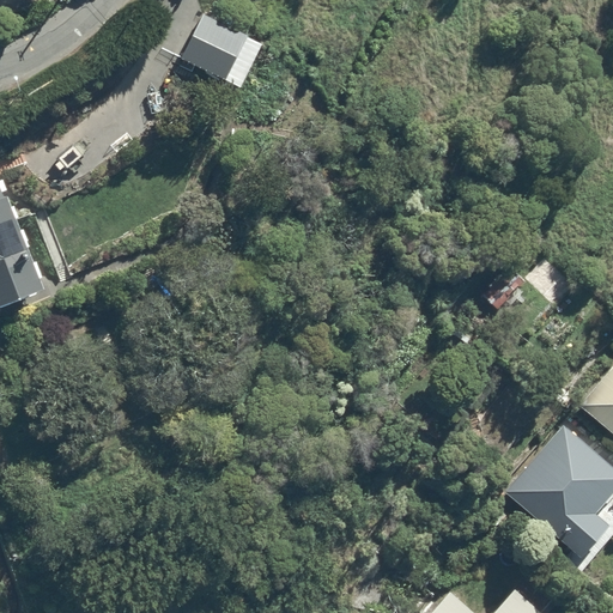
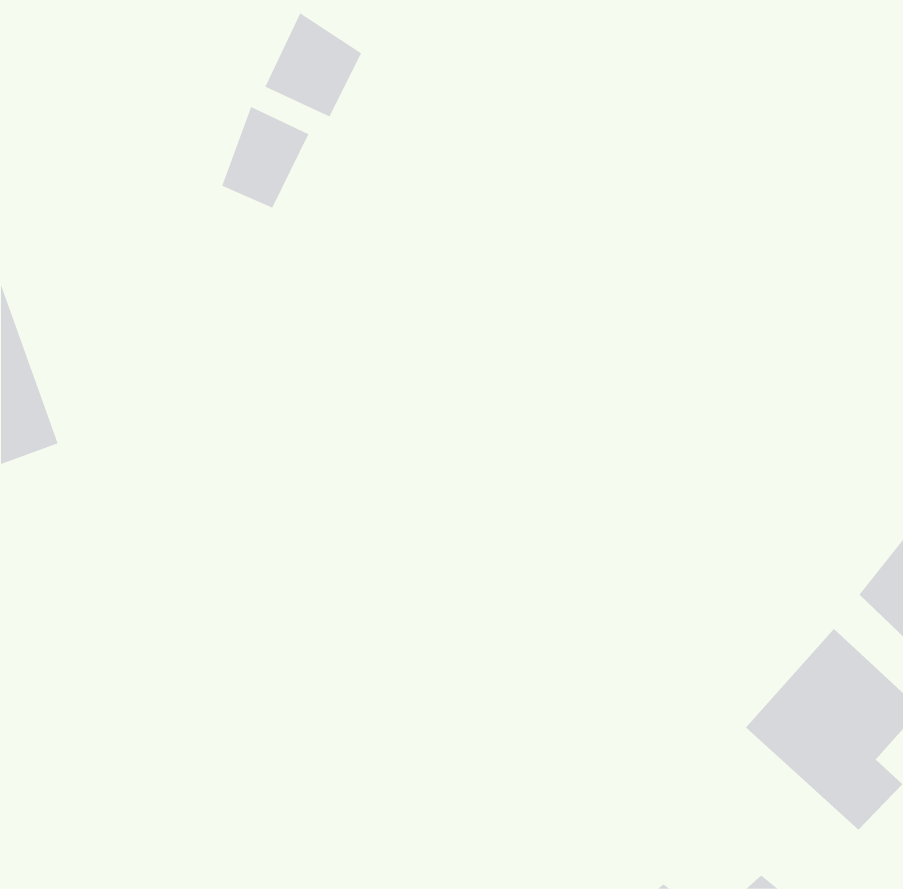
building: none -> [221,106,309,209]

